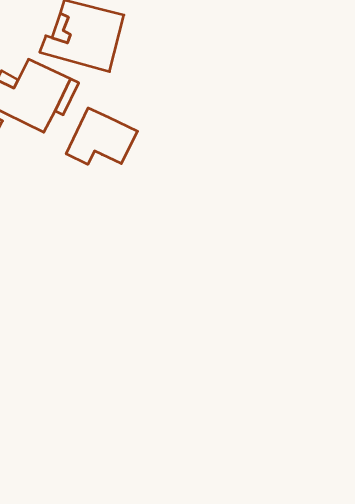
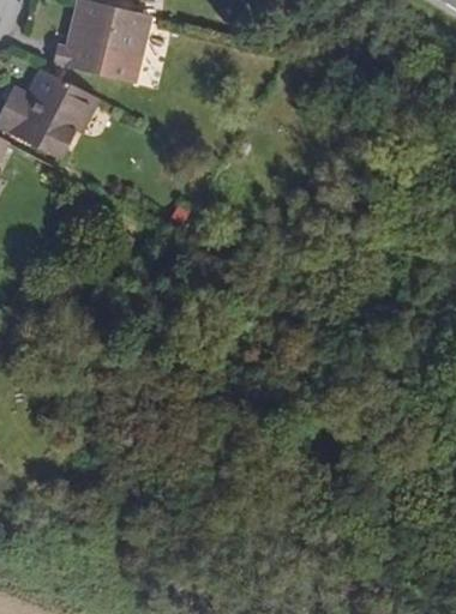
building: [66,108,138,164] -> none

